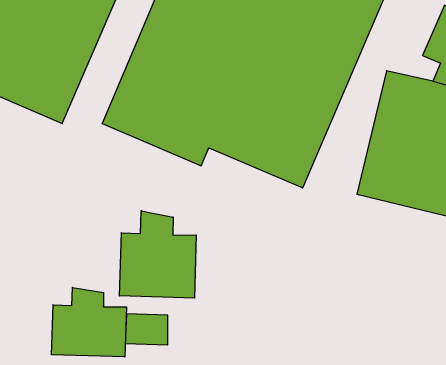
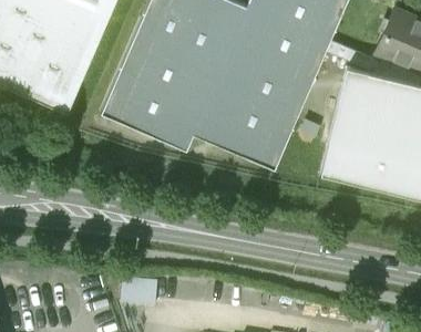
building: [119,211,196,298] -> none
building: [52,287,126,357] -> none

